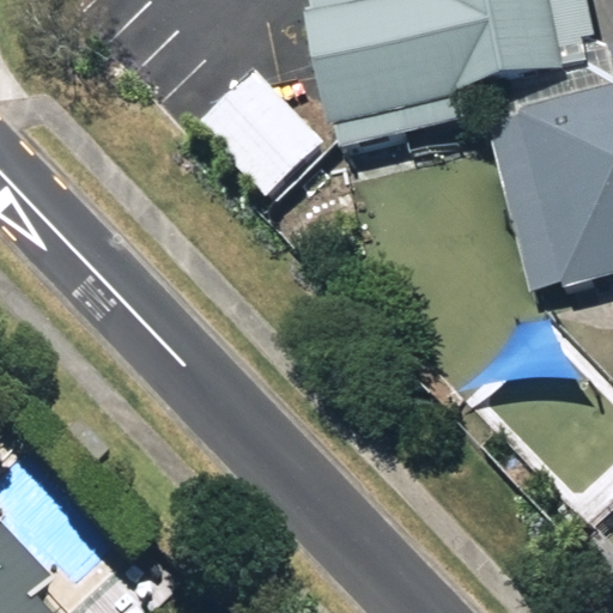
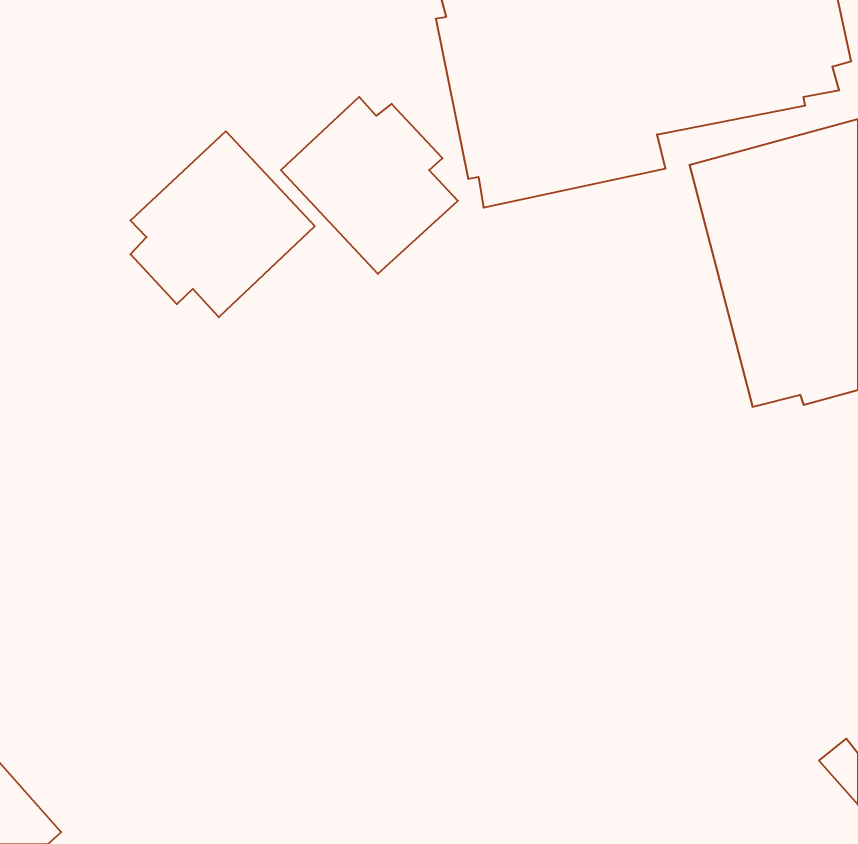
building: none -> [130,131,315,317]

